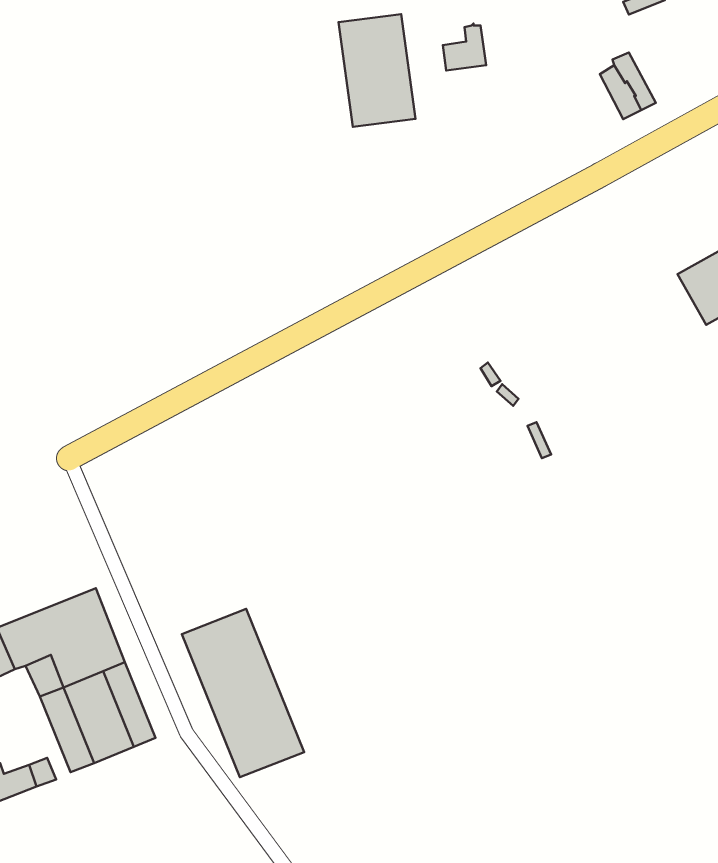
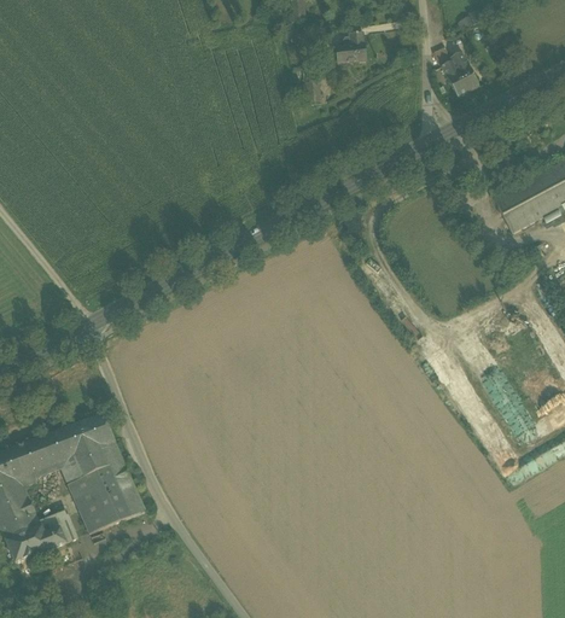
building: [339,14,415,127] -> none
building: [182,609,304,777] -> none

